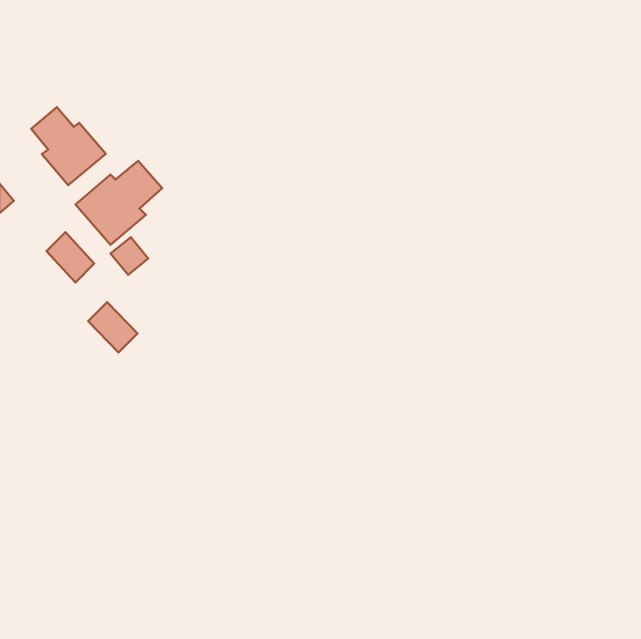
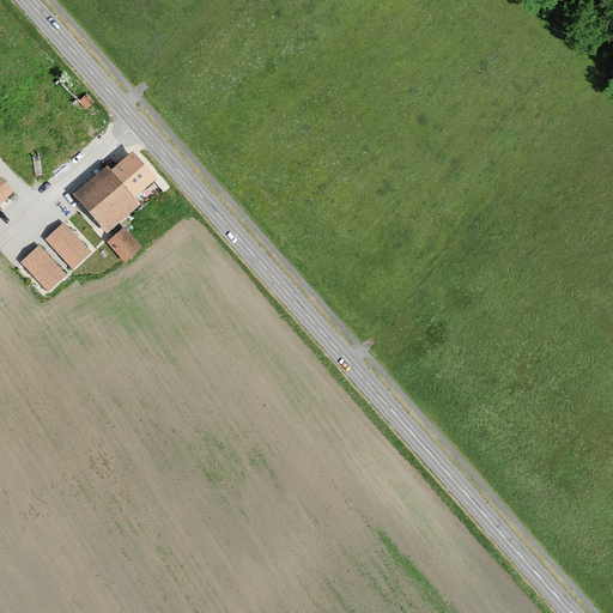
building: [31,107,106,185] -> none
building: [88,302,137,352] -> [19,244,66,292]

